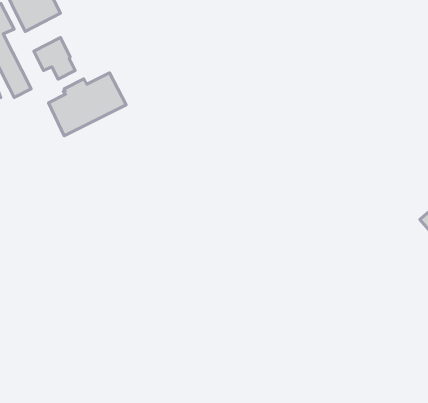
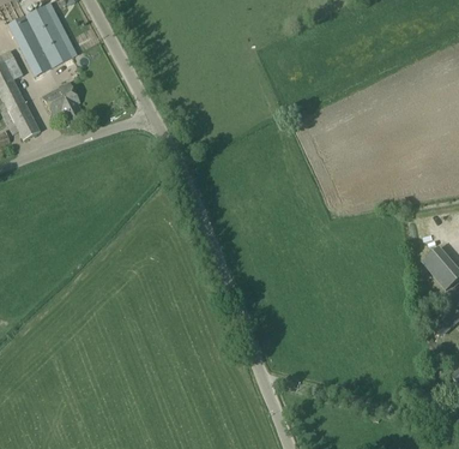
building: [49,73,126,136] -> none

